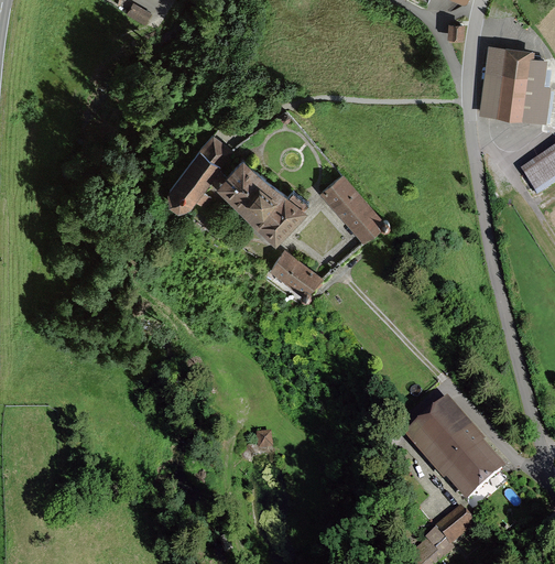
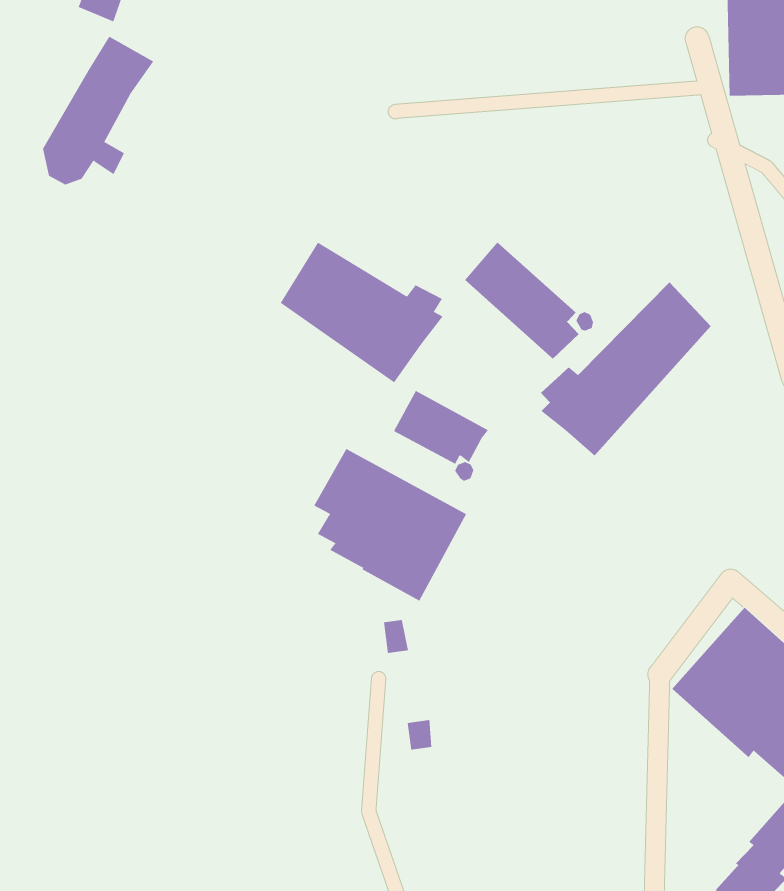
building: [168,134,237,214] -> [42,36,154,185]
building: none -> [540,281,712,456]
building: none -> [314,448,467,602]

